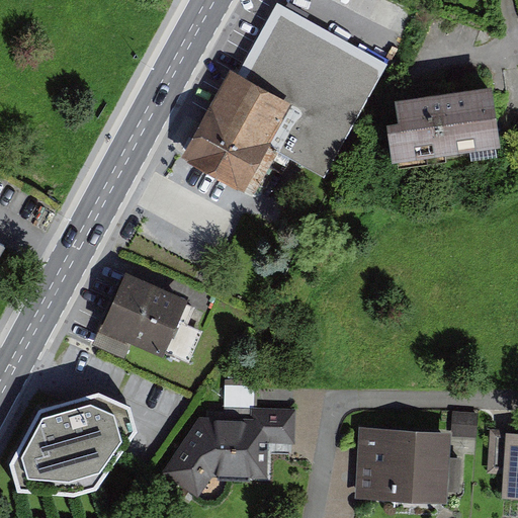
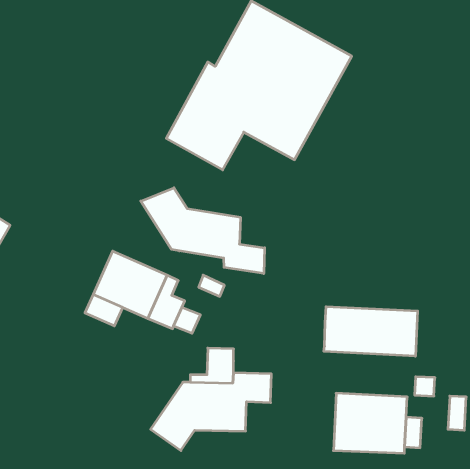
building: [386,83,492,157] -> none
building: none -> [141,188,265,274]
building: none -> [324,307,418,356]
building: [8,394,136,497] -> none

